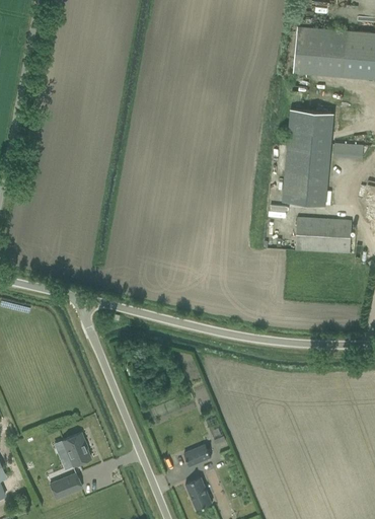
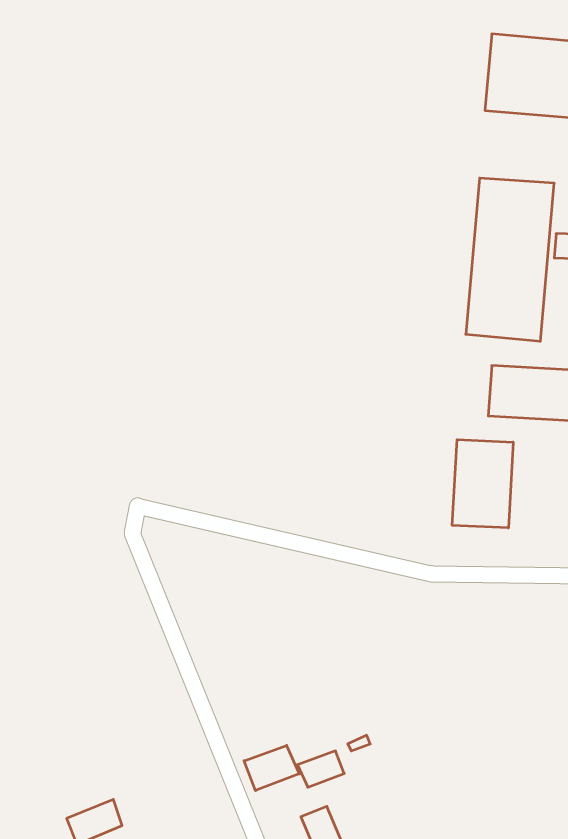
building: none -> [452,440,513,528]
building: [62,433,90,466] -> none
building: none -> [244,745,299,791]

